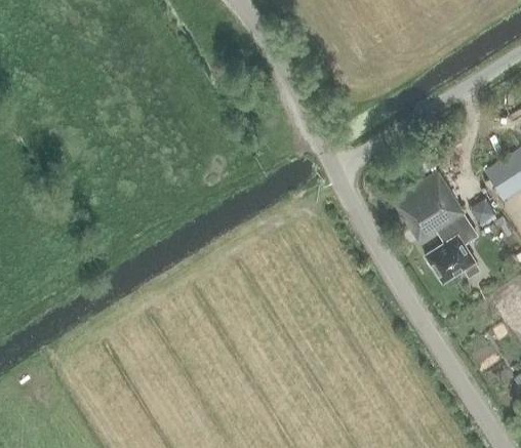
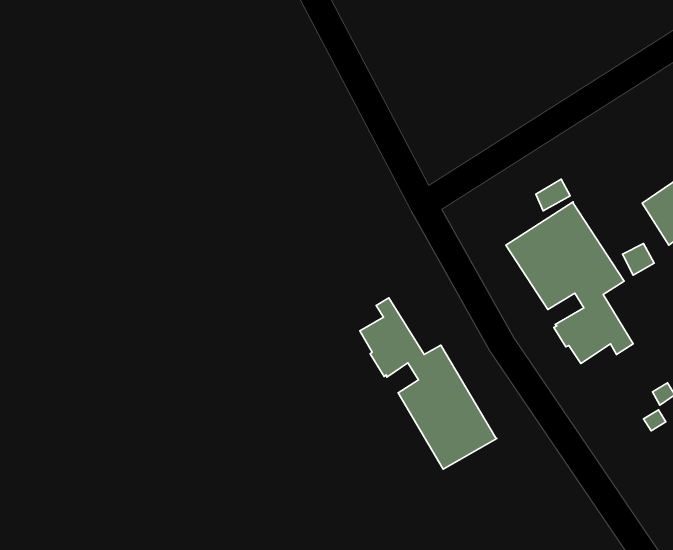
building: none -> [360,298,497,469]

